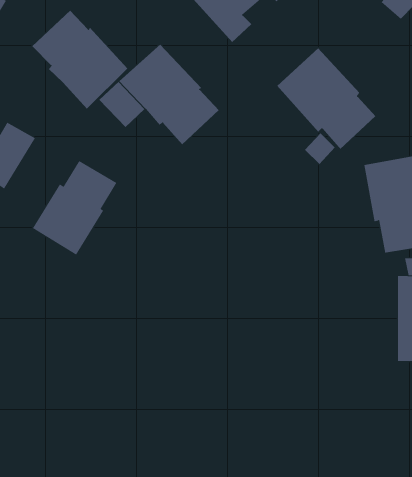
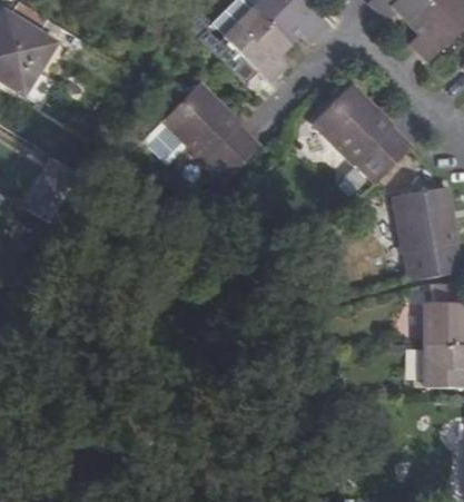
building: [32,10,128,109] -> none
building: [32,160,117,256] -> none

